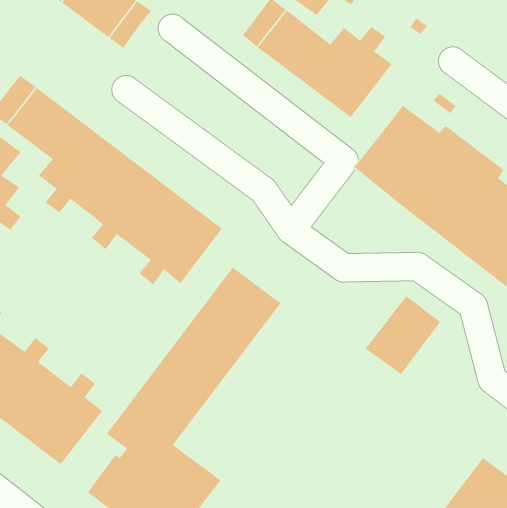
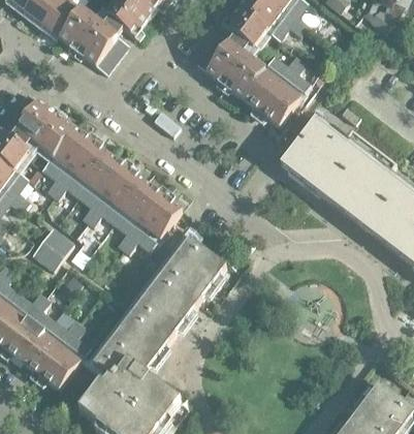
building: none -> [31,226,72,269]
building: [365,295,441,375] -> none

